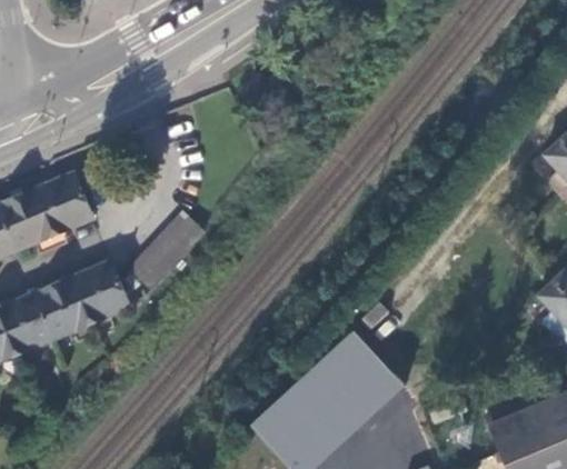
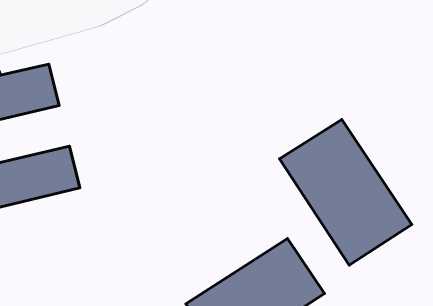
building: none -> [280,119,412,265]
building: [130,201,213,289] -> none

